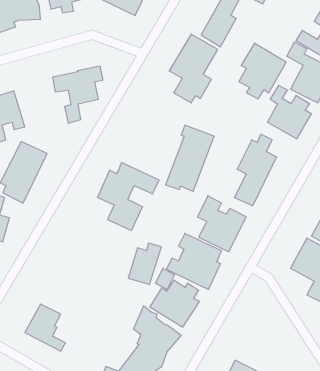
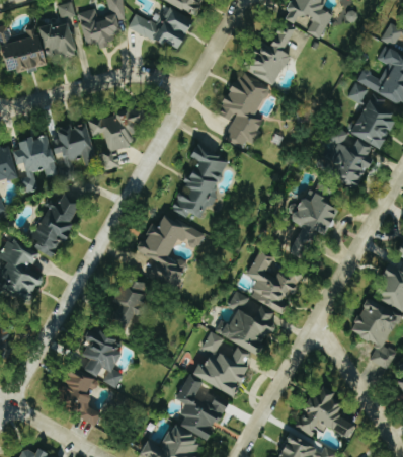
building: [239,43,286,99] -> none
building: none -> [53,124,97,166]
building: [166,125,214,191] -> [173,146,227,219]
building: [128,243,161,285] -> [112,281,149,326]
building: none -> [81,327,123,377]
building: none -> [296,387,355,438]

